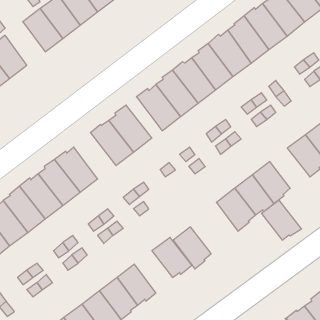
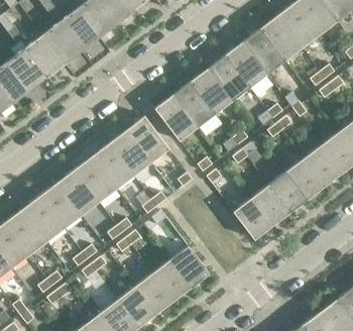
building: none -> [24,34,64,77]
building: none -> [92,143,133,189]
building: [262,200,302,240] -> [284,158,324,198]
building: [173,227,211,269] -> [151,259,189,301]

